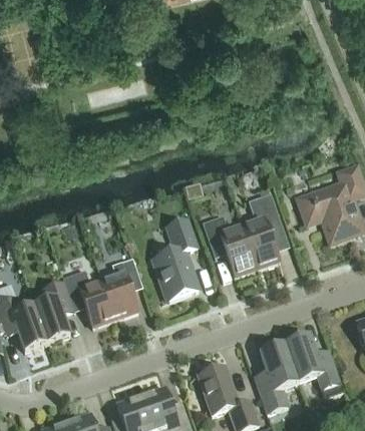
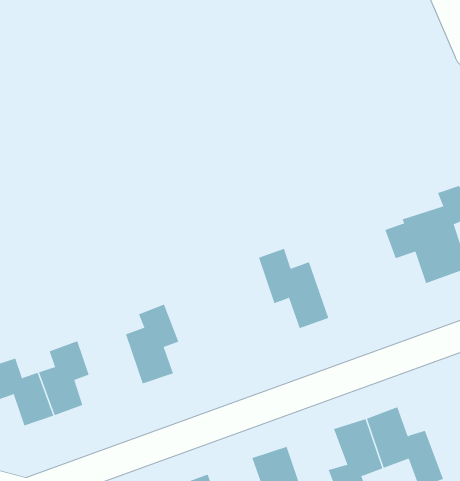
building: [242,191,285,267] -> none
building: [153,217,199,298] -> none
building: [63,273,114,325] -> none

